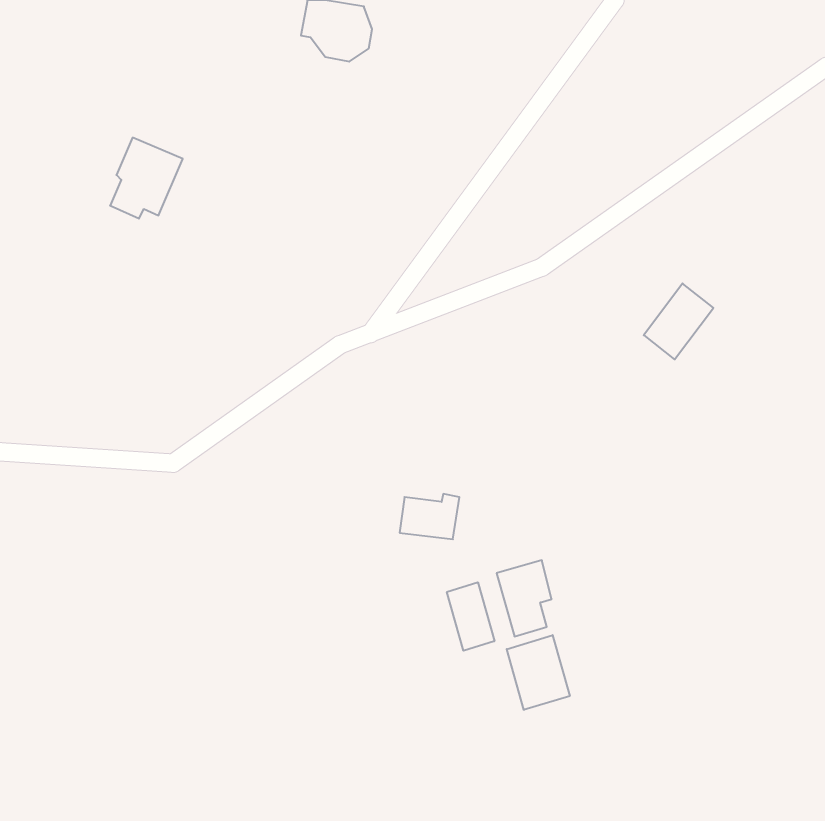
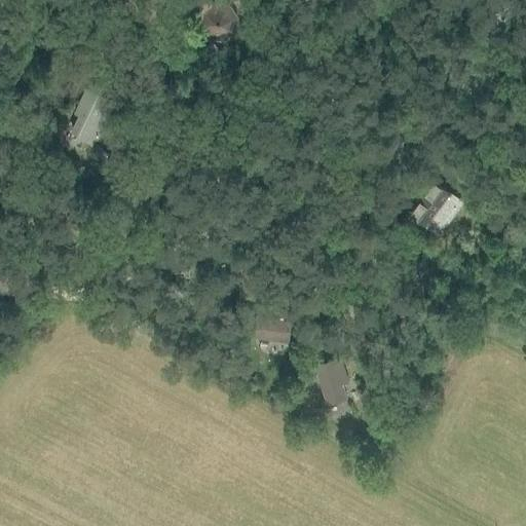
building: [447,582,494,651] -> none
building: [507,635,570,710] -> none

